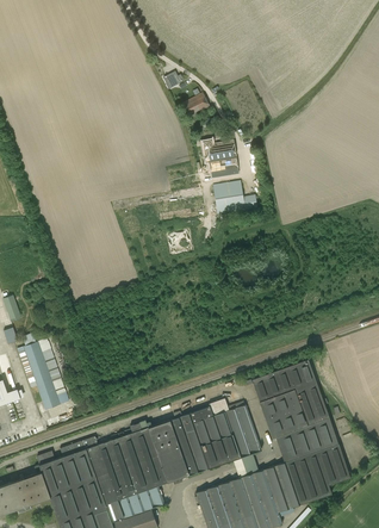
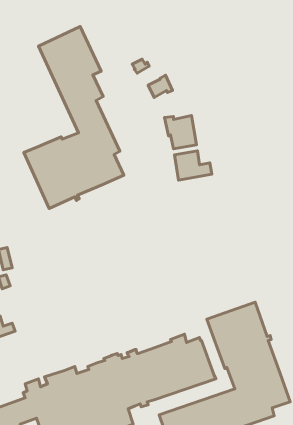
building: none -> [24,27,124,208]
building: [13,338,68,410] -> none

